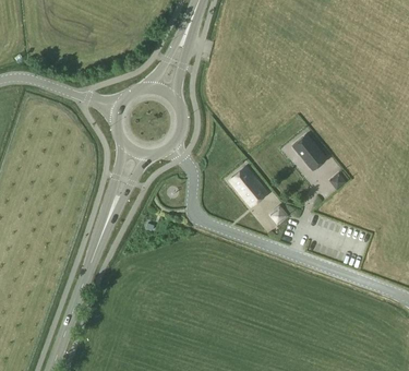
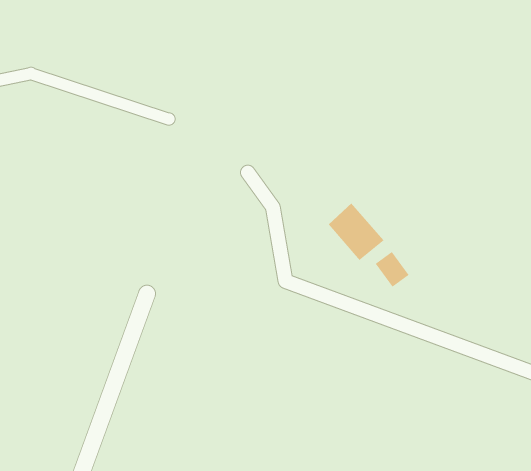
building: [292,136,327,171] -> none

